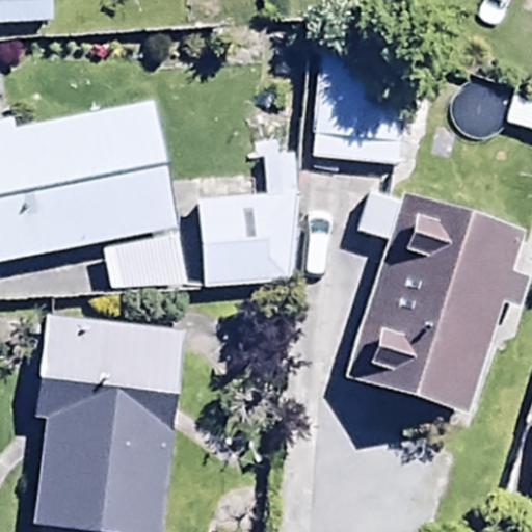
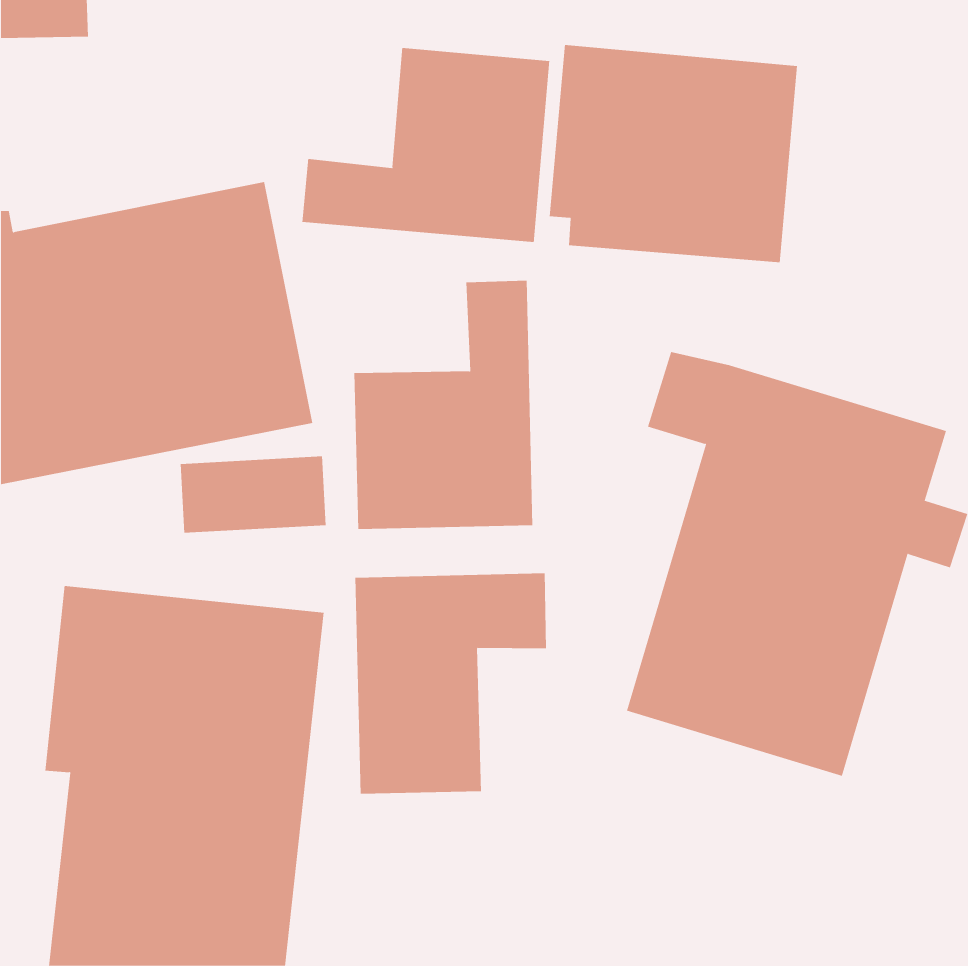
building: none -> [302,47,550,243]
building: none -> [355,573,546,795]

